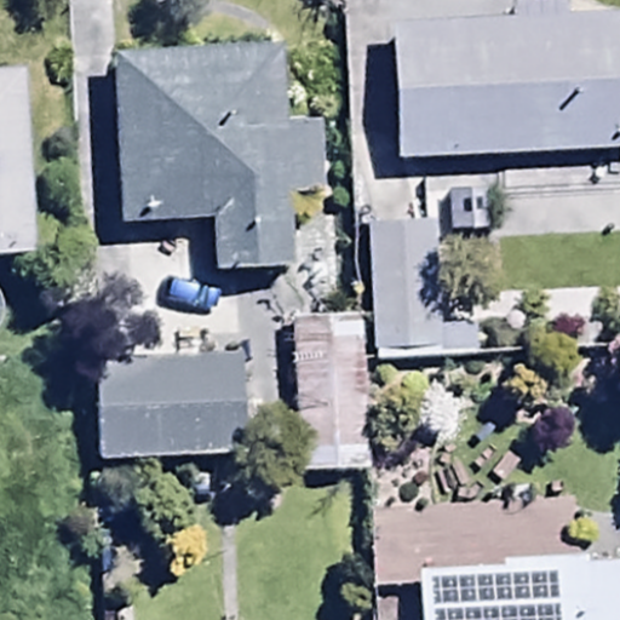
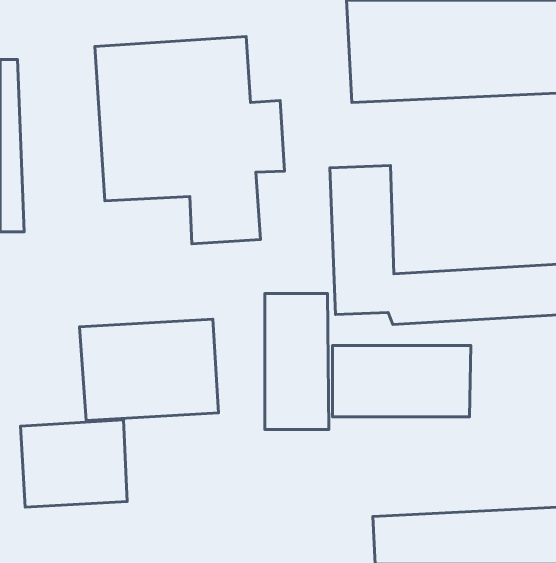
building: none -> [332,345,471,417]
building: none -> [20,420,127,507]

